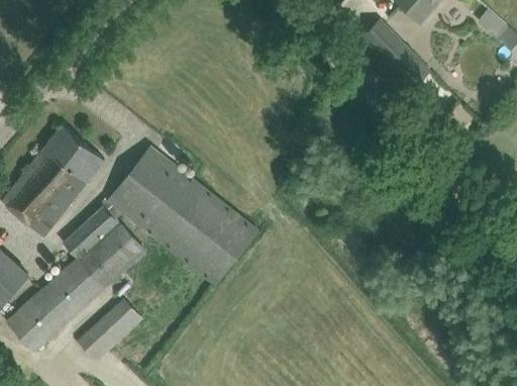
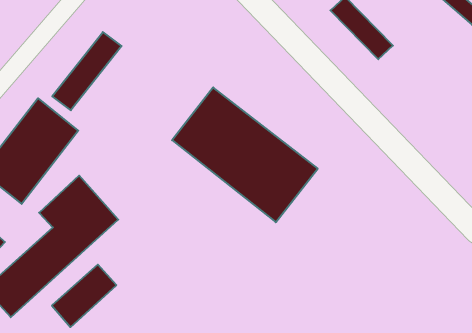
building: none -> [52,32,122,110]
building: [107,147,257,286] -> [172,87,318,222]

